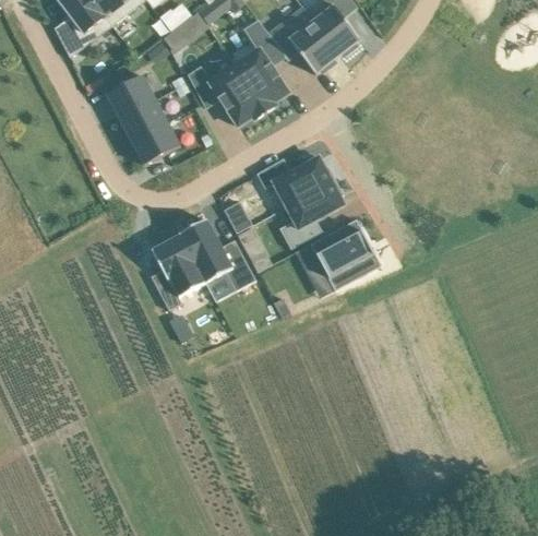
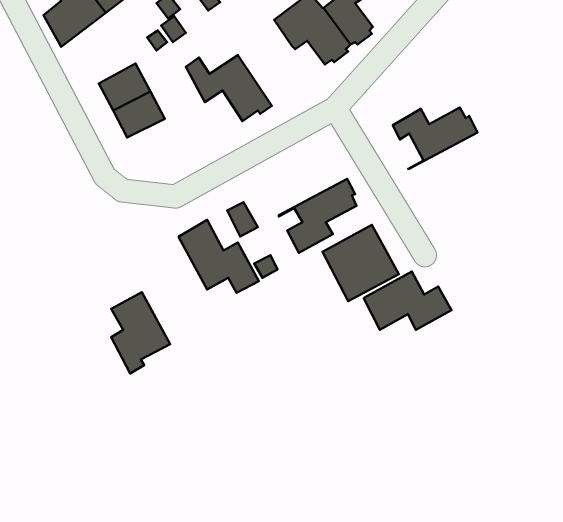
building: [234,20,288,111] -> none
building: [131,123,180,167] -> none
building: [256,156,335,213] -> [393,108,477,169]
building: [151,234,205,309] -> [111,292,170,374]
building: none -> [364,272,452,330]

